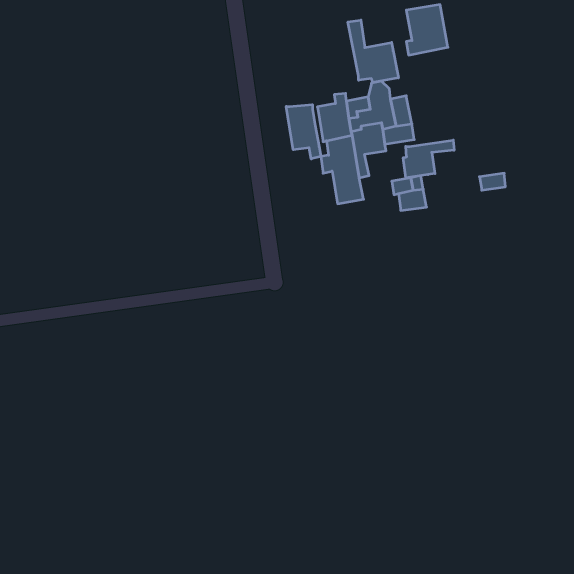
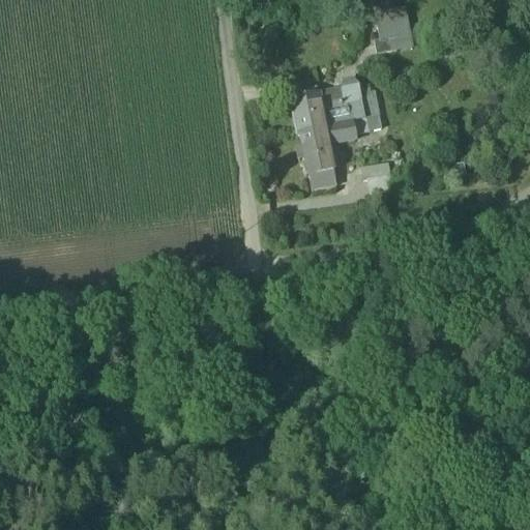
building: [348,20,398,83] -> none
building: [286,105,321,159] -> none
building: [403,140,454,178] -> none

